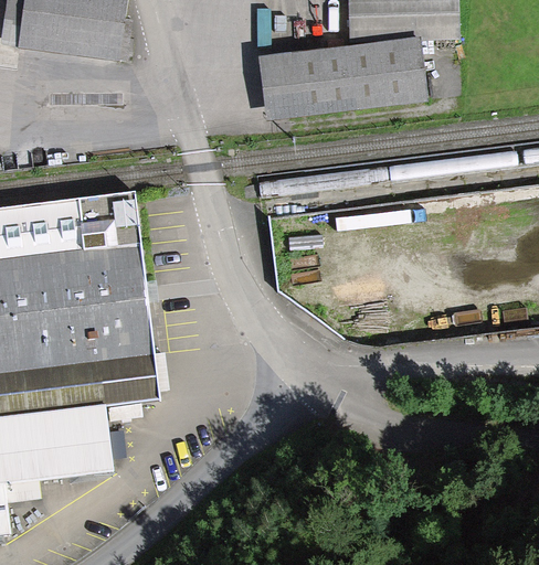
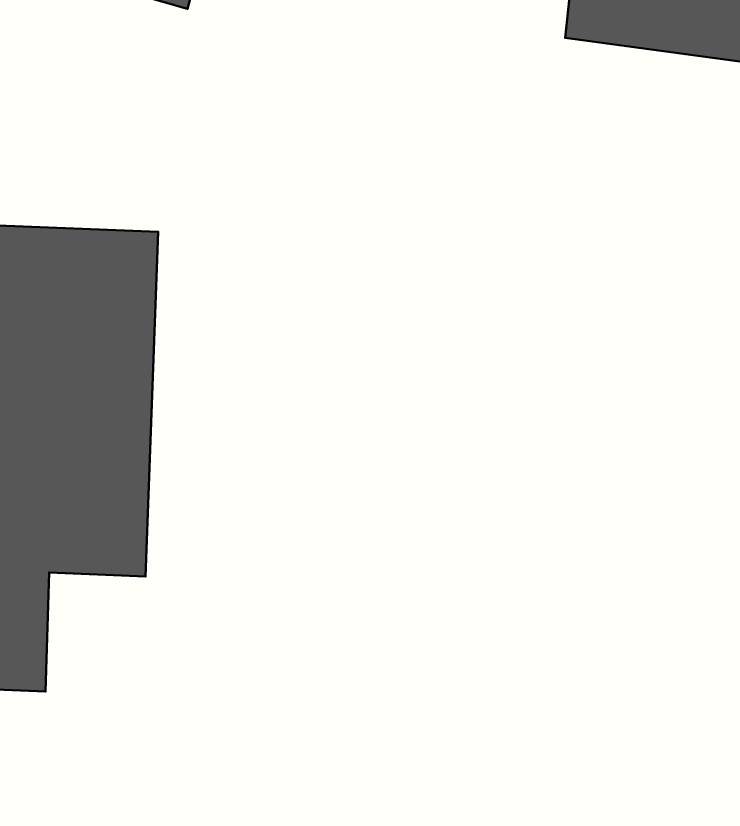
building: [270,41,435,119] -> none

